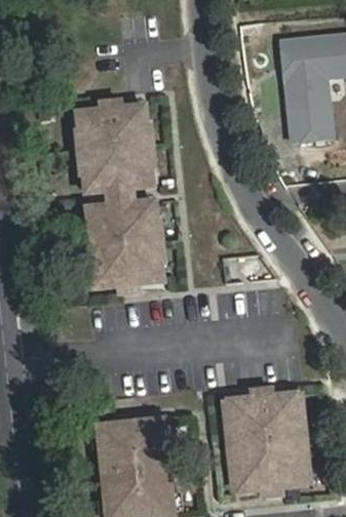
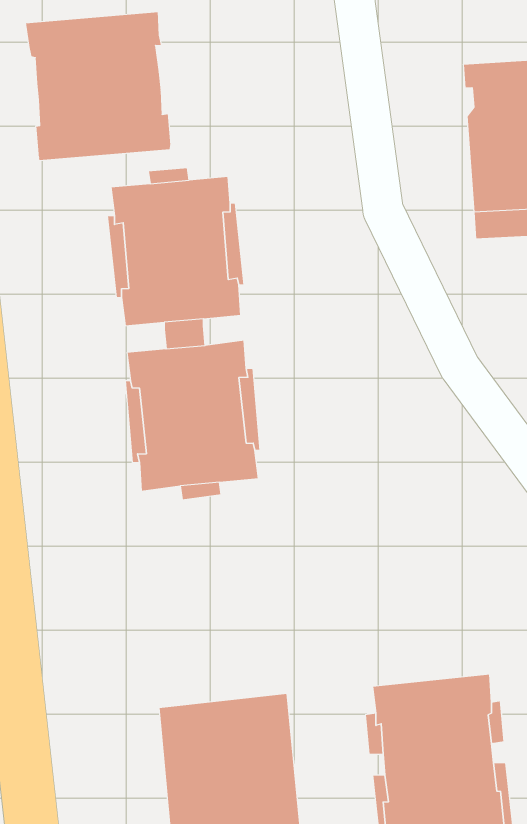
building: none -> [26,11,171,161]

